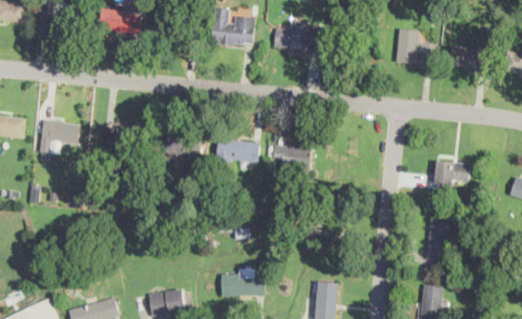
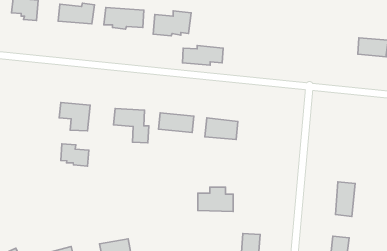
building: [273,28,321,51] -> [182,45,223,65]
building: [395,31,433,65] -> none
building: [38,118,79,159] -> none
building: [432,160,469,188] -> none
building: none -> [61,144,89,166]
building: [221,267,263,296] -> [198,187,233,211]

